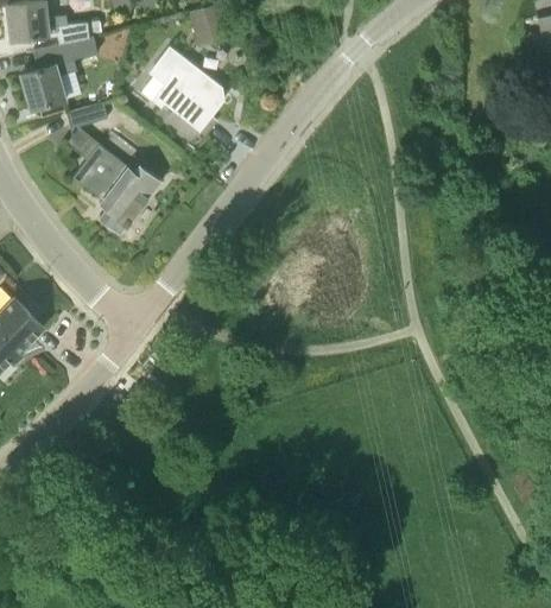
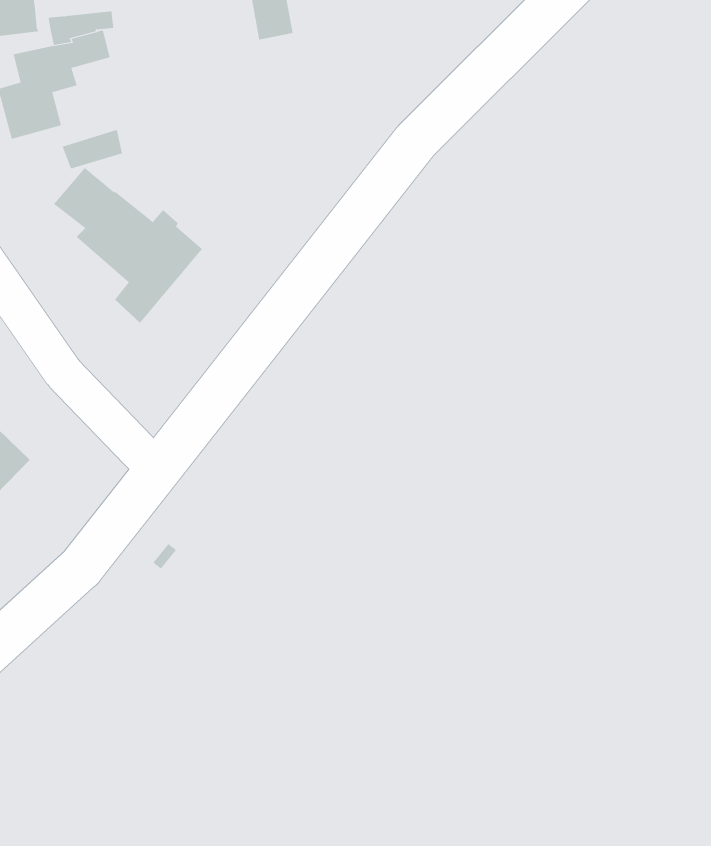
building: [151,49,223,131] -> none

